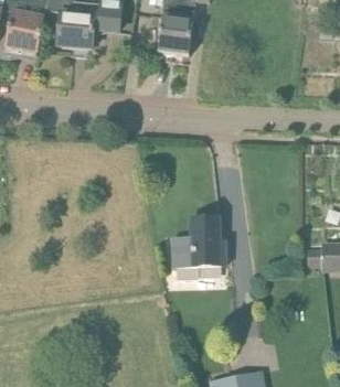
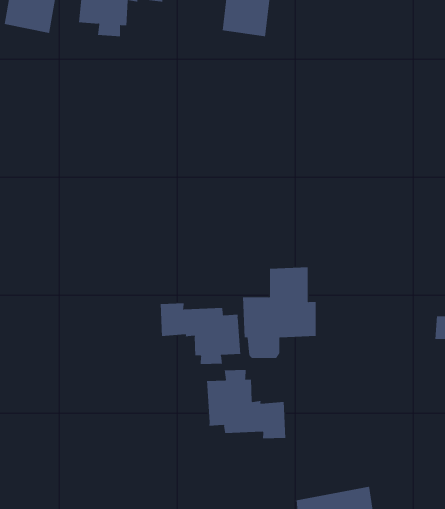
building: none -> [160,303,241,365]
building: none -> [206,369,286,439]

